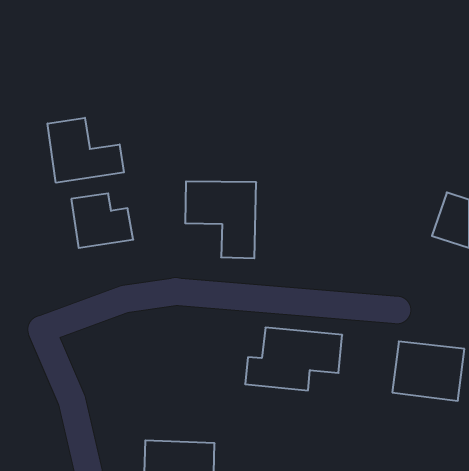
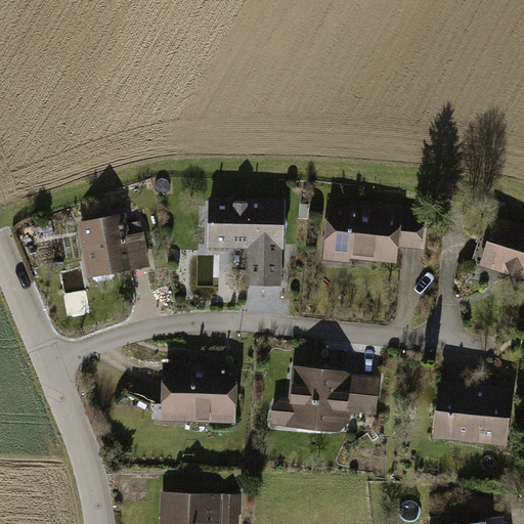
building: [48,118,124,183] -> none
building: none -> [321,207,423,263]
building: none -> [163,363,235,423]

